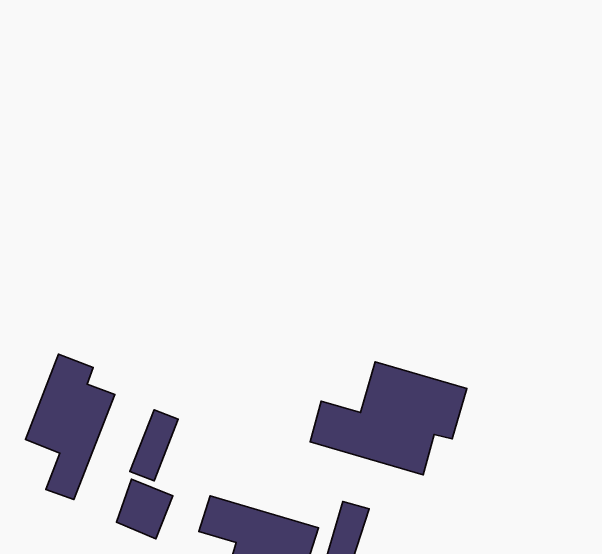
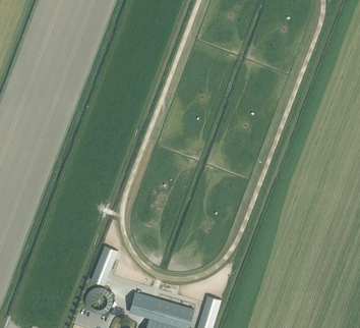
building: [25,354,115,500] -> none
building: [310,362,467,475] -> none

